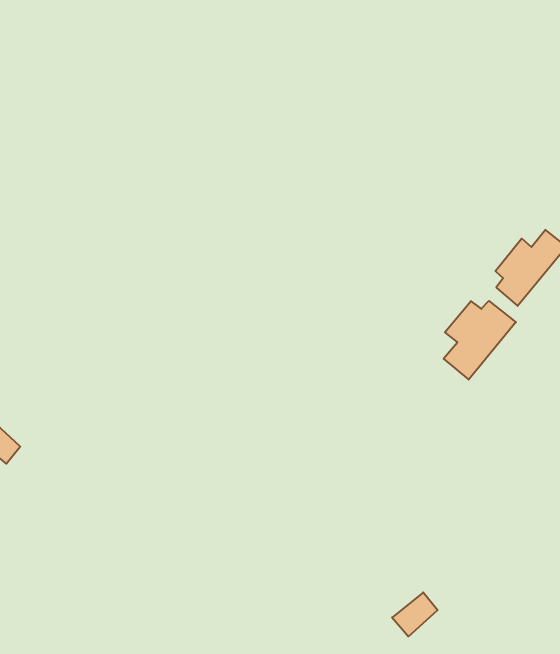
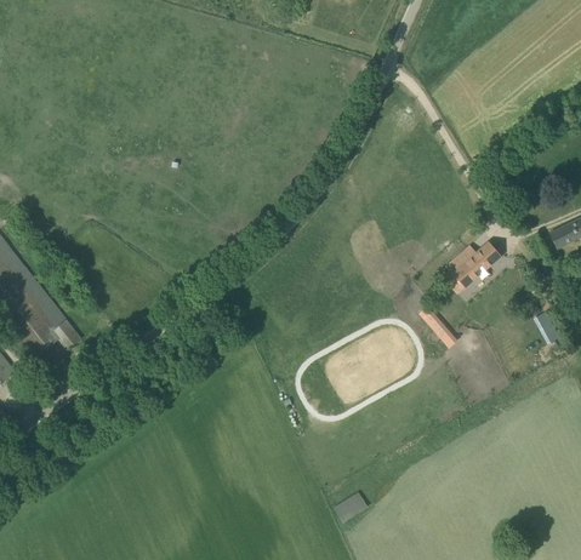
building: [444,301,516,380] -> none

